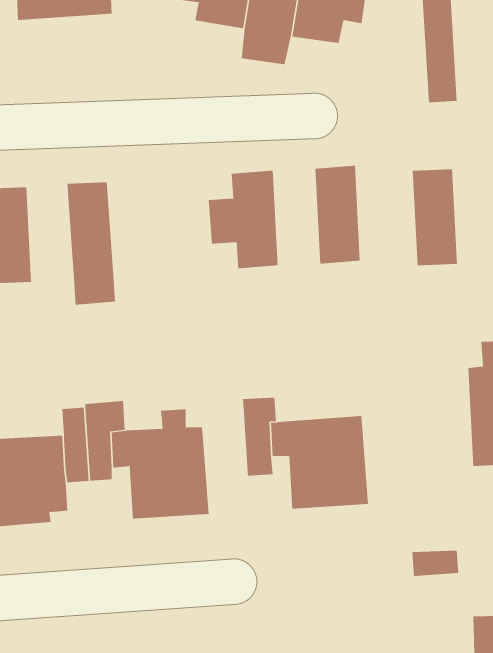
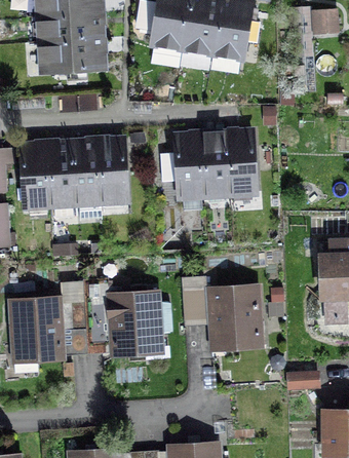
building: none -> [41,37,103,72]
building: [412,169,458,266] -> [201,133,230,194]
building: none -> [98,140,127,200]
building: none -> [47,143,76,216]

